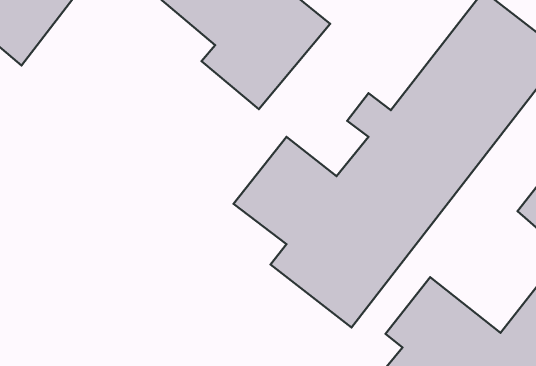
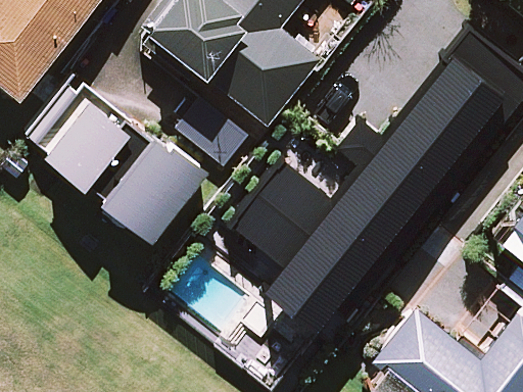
building: none -> [28,77,203,238]

